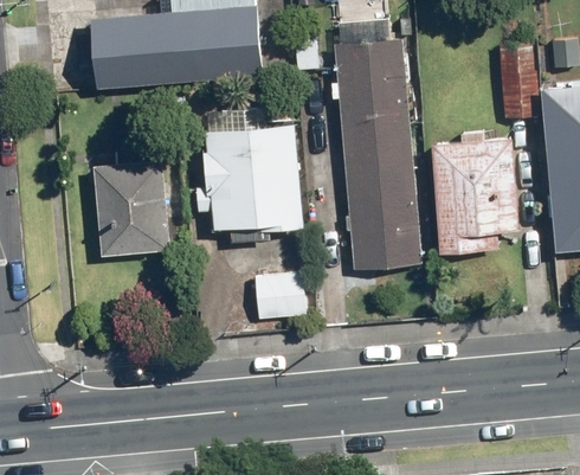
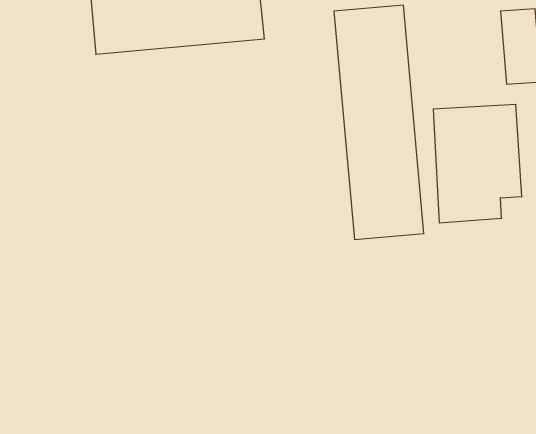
building: [200,123,305,233] -> none
building: [94,162,170,256] -> none
building: [253,275,304,322] -> none

